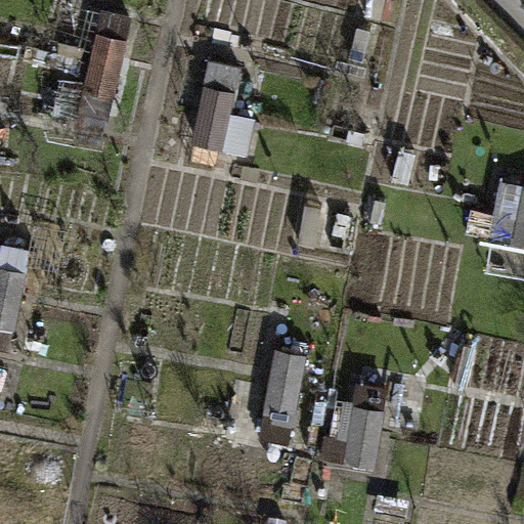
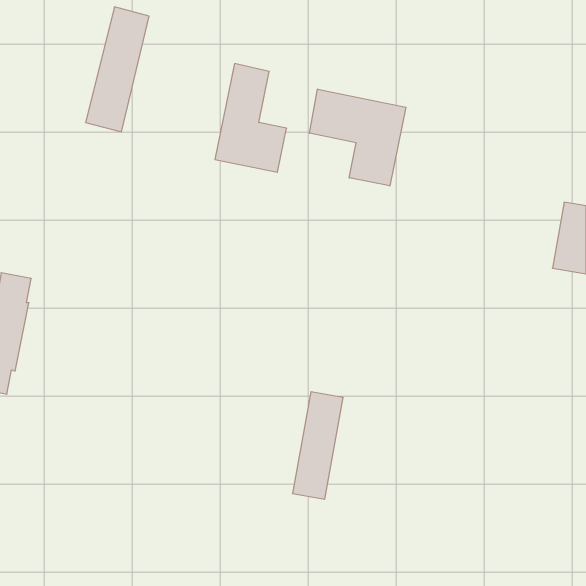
building: none -> [309,89,406,186]
building: [317,382,383,468] -> none

